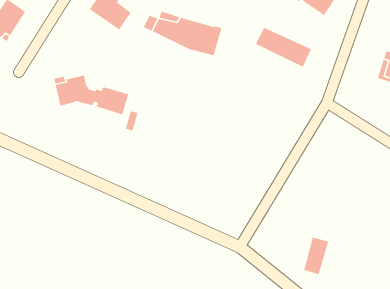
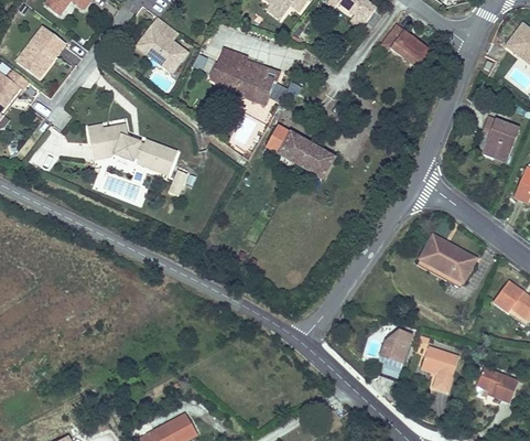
building: [255,27,312,68] -> [266,127,334,179]
building: none -> [422,235,477,282]
building: none -> [423,345,461,391]

